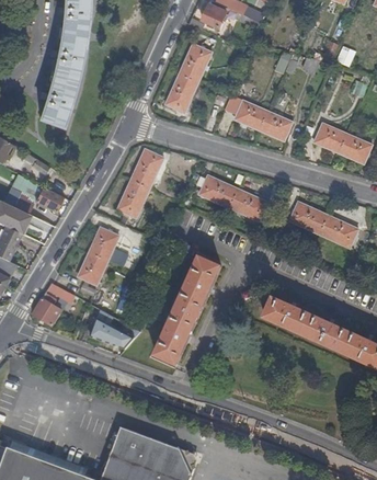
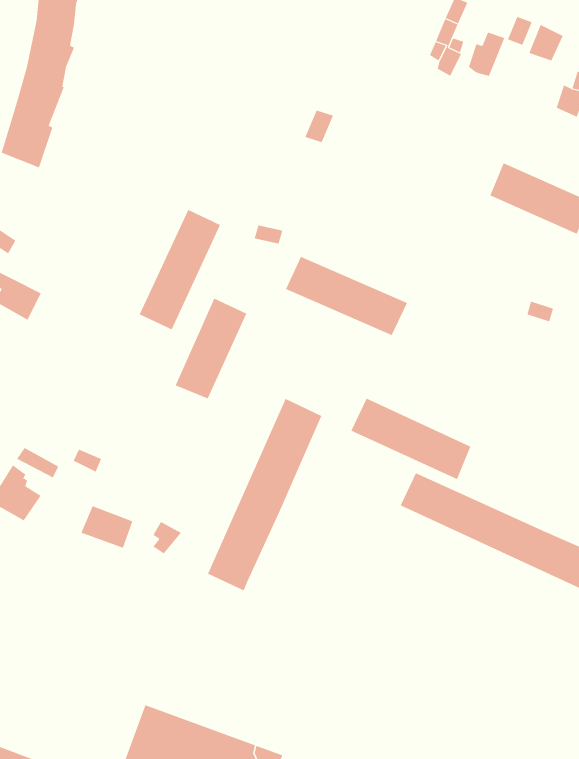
building: [165,44,212,112] -> none
building: [235,100,293,140] -> none
building: [289,202,357,248] -> [351,398,471,480]
building: [79,227,119,284] -> [175,298,247,399]

